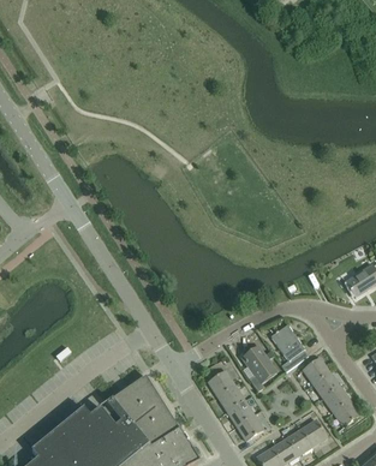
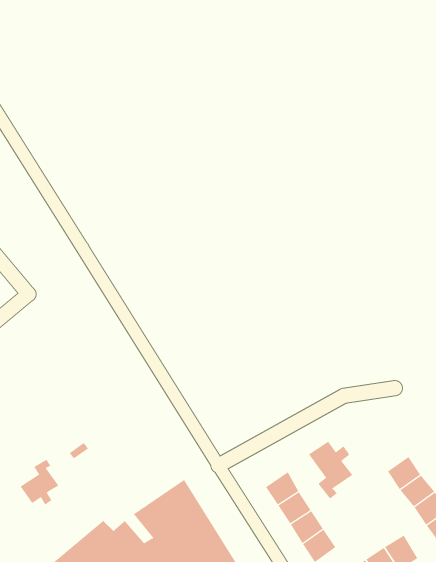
building: [271,323,308,371] -> none
building: none -> [20,459,59,505]

